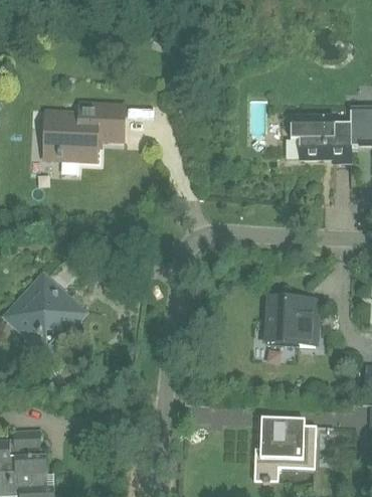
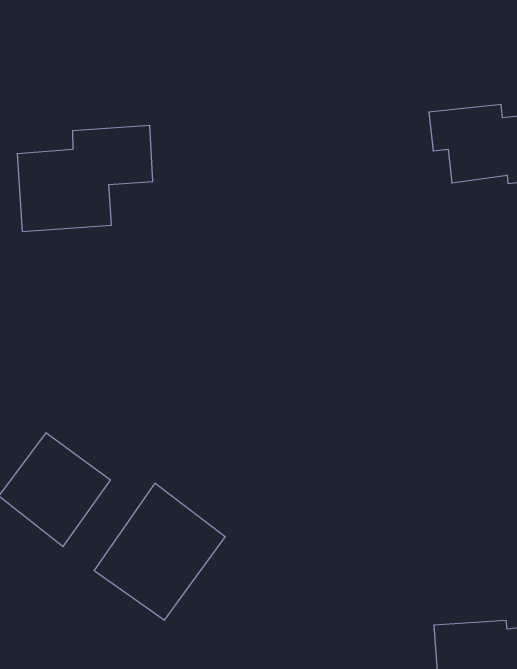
building: [267,295,317,345] -> none
building: none -> [94,483,225,620]

